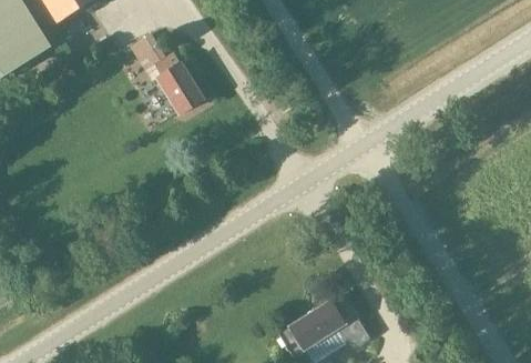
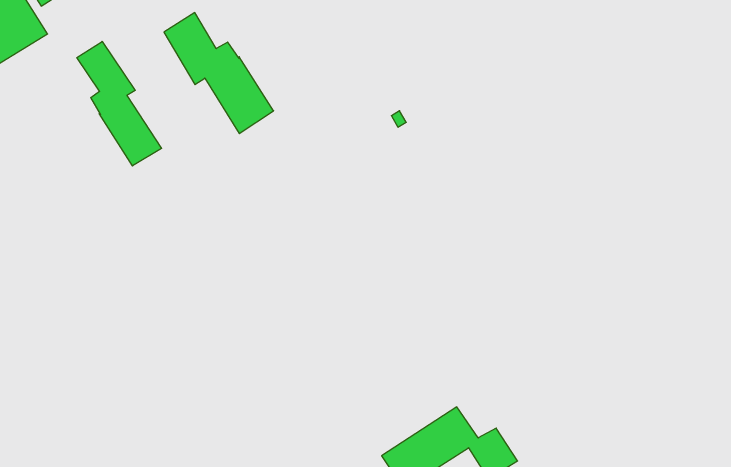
building: none -> [77,41,162,166]

